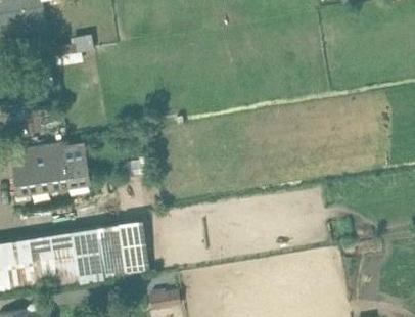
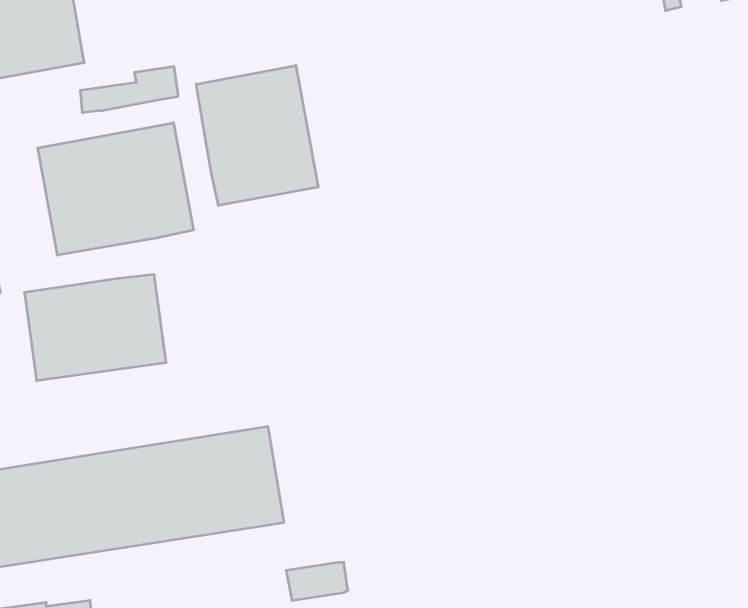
building: none -> [196,65,318,206]
building: none -> [38,123,193,255]

